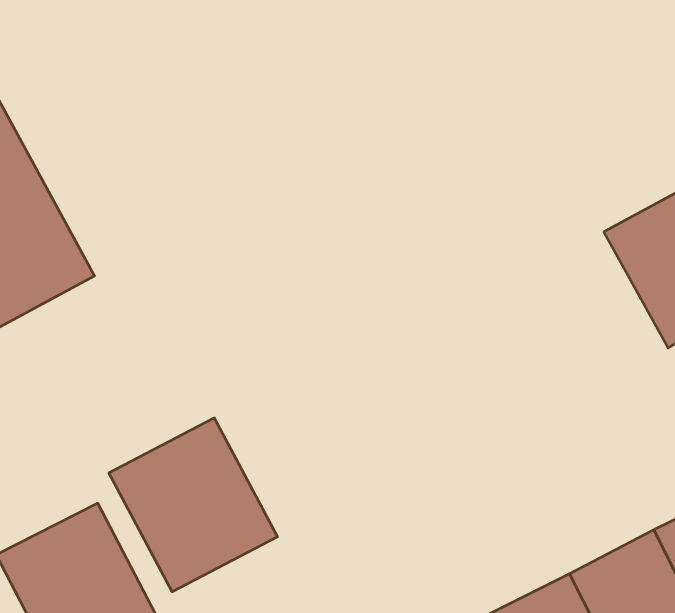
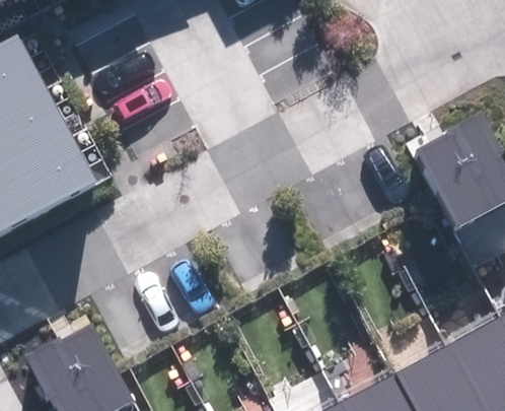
building: [109,418,277,592] -> none

